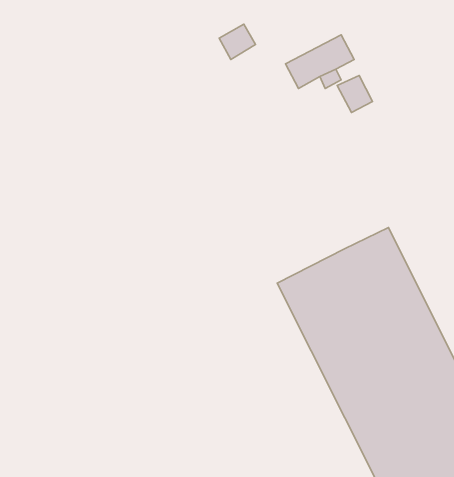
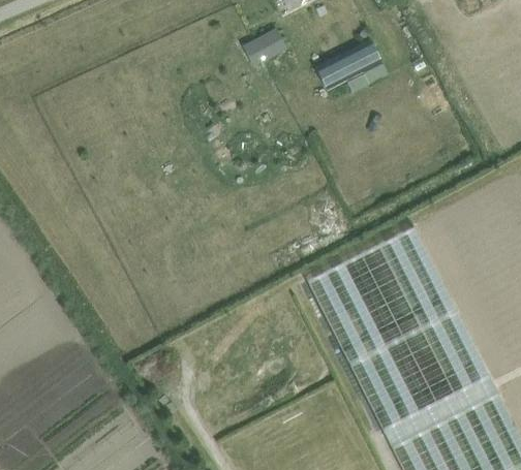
building: [337,76,372,112] -> none

